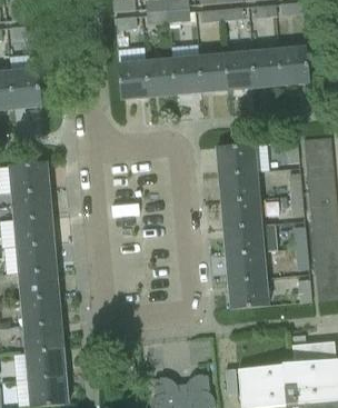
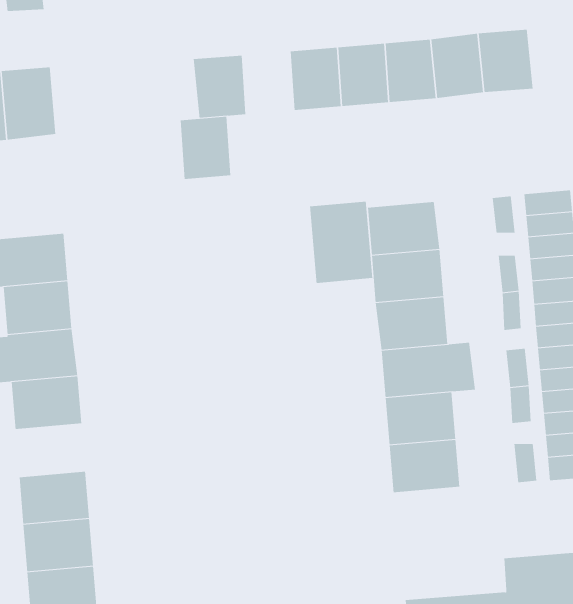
building: [146,60,175,96] -> [180,116,231,179]
building: none -> [309,201,373,284]
building: [18,269,58,299] -> none

